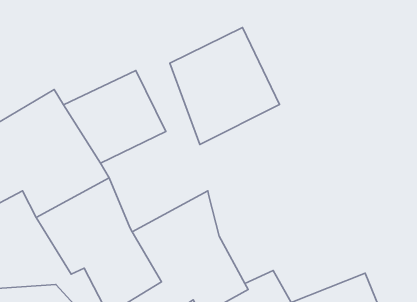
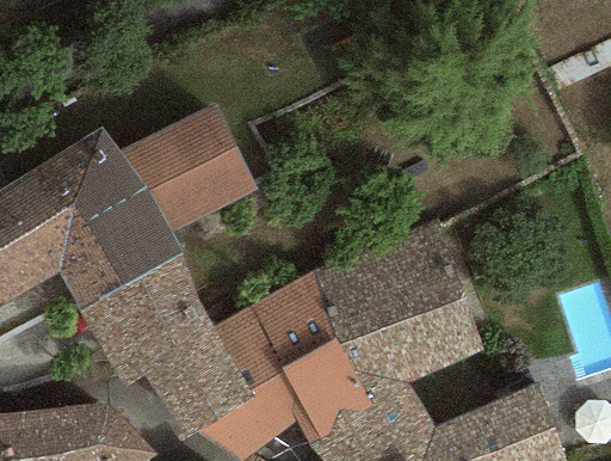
building: [170,28,280,144] -> none
building: none -> [314,221,477,401]

